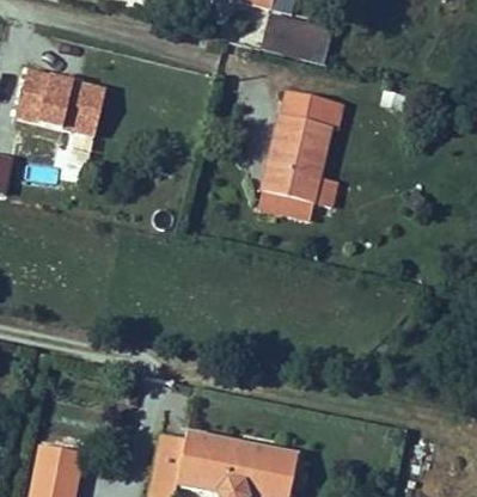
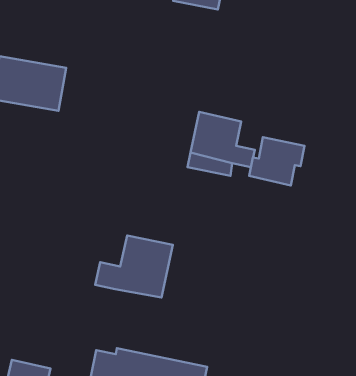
building: [264,11,326,60] -> none
building: [273,91,341,151] -> [249,137,304,186]
building: none -> [95,235,173,298]

